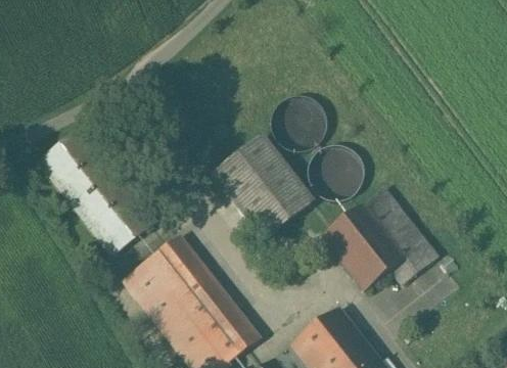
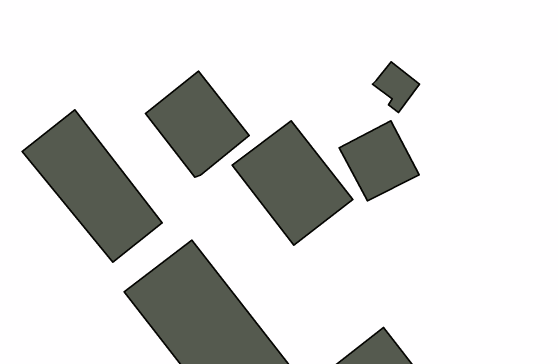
building: none -> [145,71,249,177]
building: [287,102,326,144] -> [373,62,419,112]
building: [321,187,435,289] -> none

